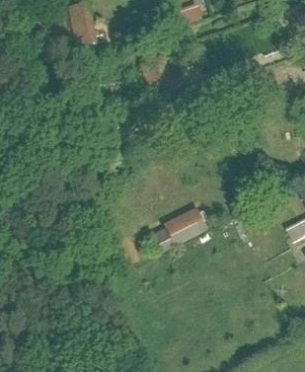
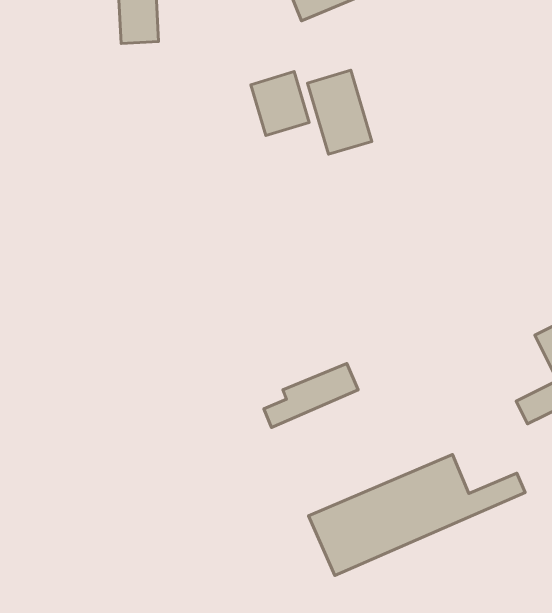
building: none -> [308,70,372,154]
building: none -> [309,454,525,576]

